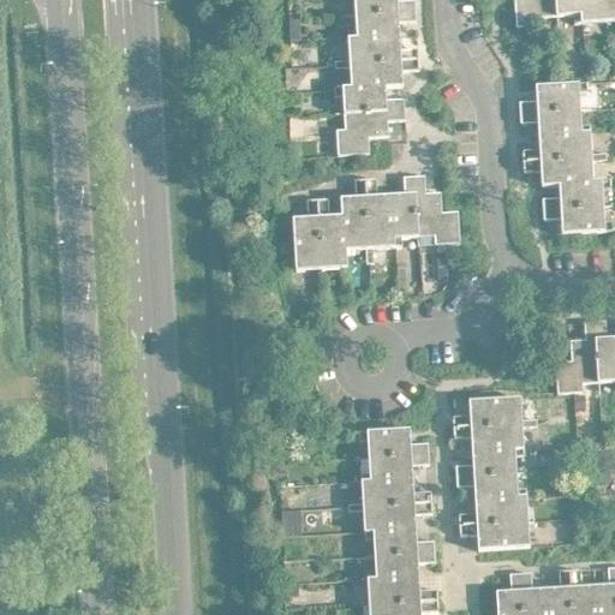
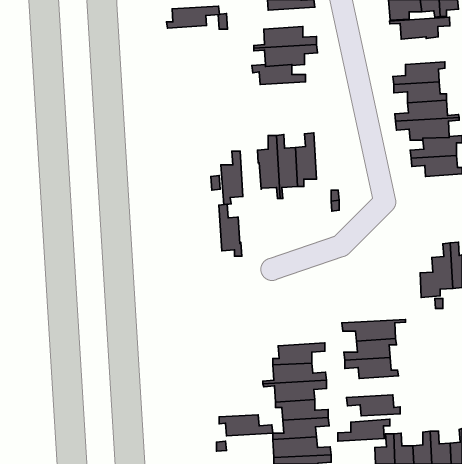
building: [347,10,417,38] -> [167,6,219,28]
building: none -> [389,17,450,39]
building: [336,108,405,154] -> none
building: [414,175,460,244] -> none
building: [317,198,347,267] -> [219,204,242,256]
building: [452,398,536,426] -> none
building: [358,429,429,456] -> [219,415,273,436]
building: [458,496,526,525] -> [338,419,390,441]

